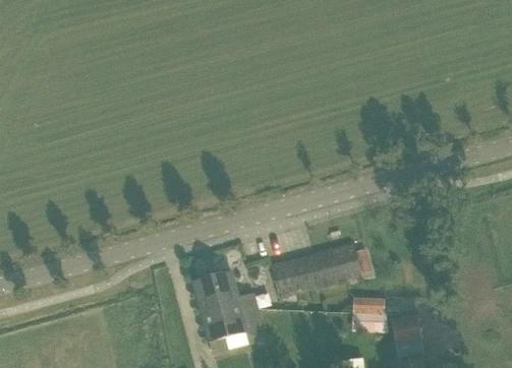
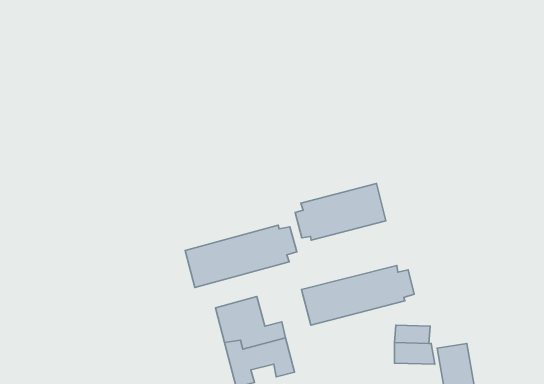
building: none -> [295,183,386,240]
building: none -> [185,225,297,288]

